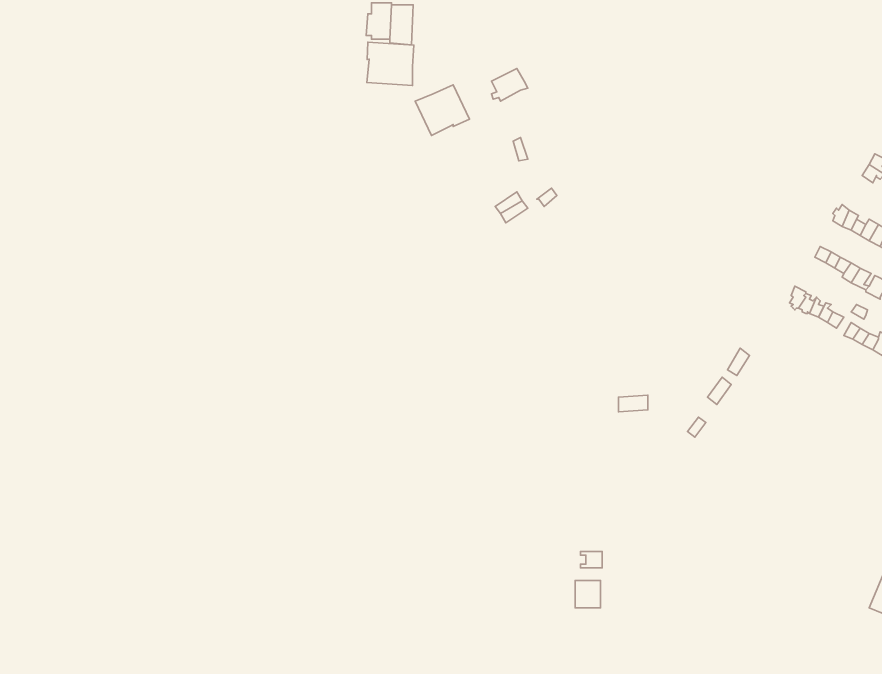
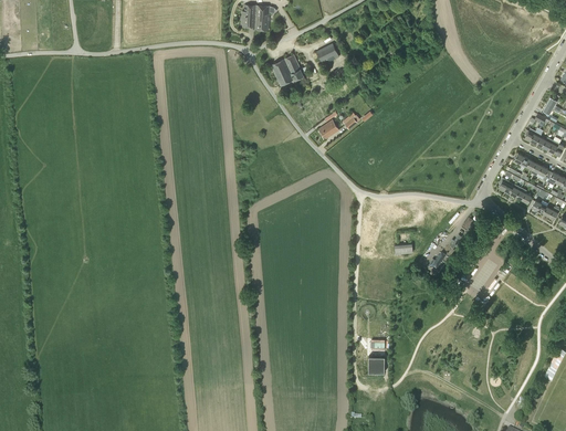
building: [367,42,414,86] -> none

